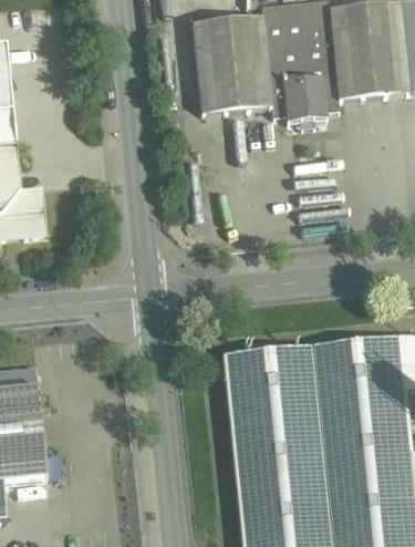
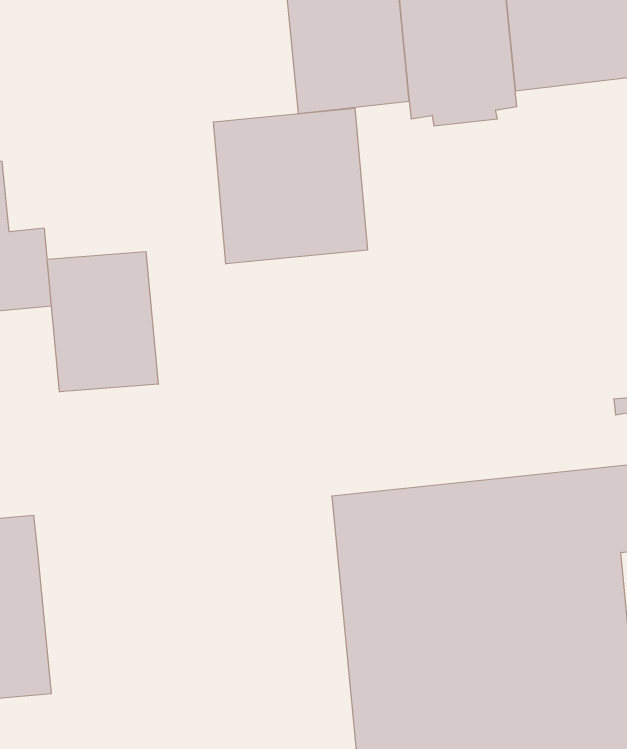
building: none -> [213,108,367,264]
building: none -> [47,252,158,392]

